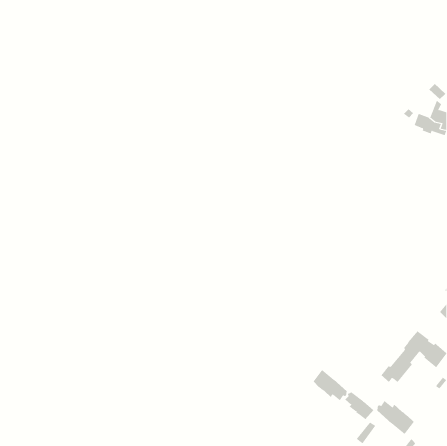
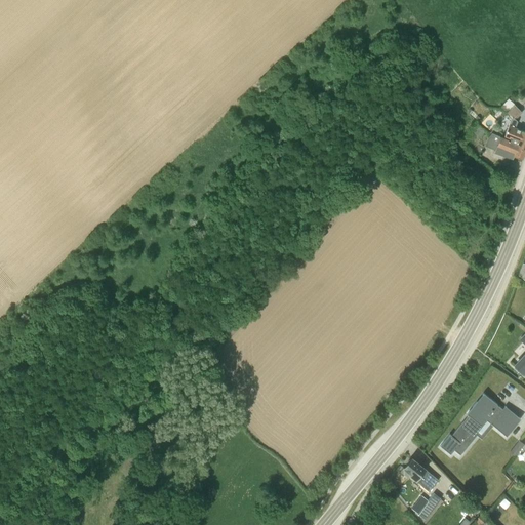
building: [313,369,348,401] -> none
building: [376,400,415,435] -> none

